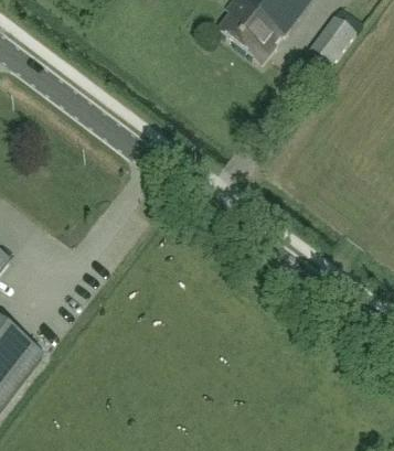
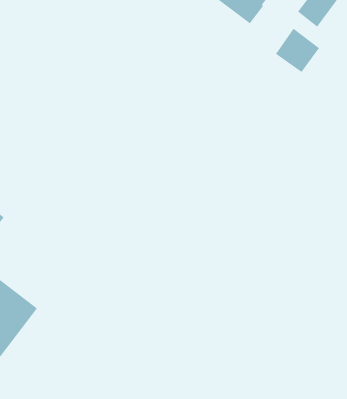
building: none -> [275,28,320,73]

